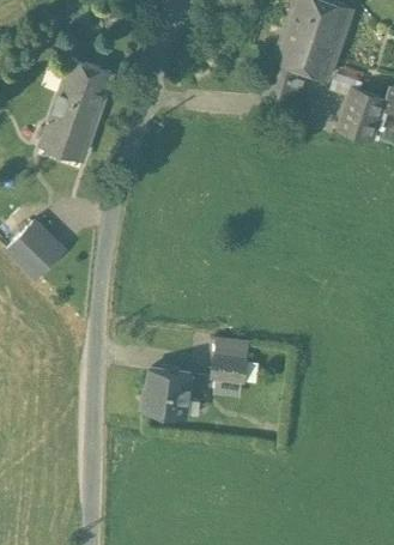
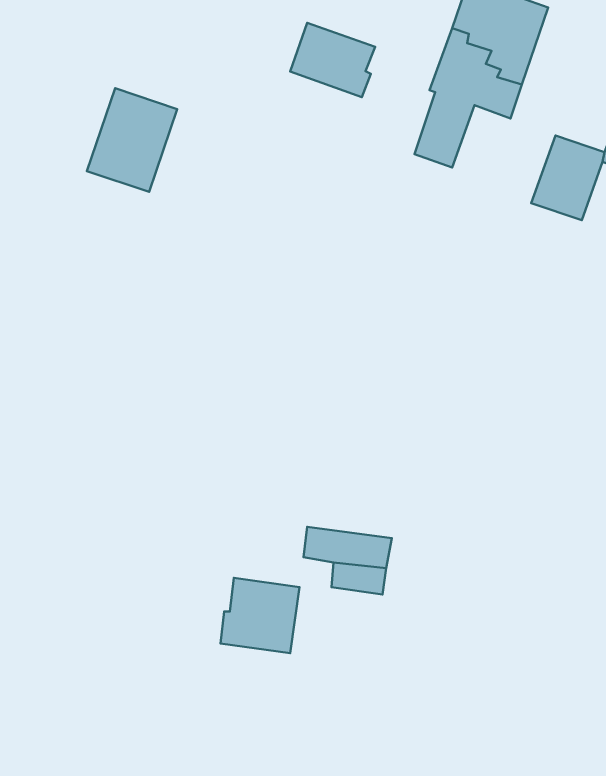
building: none -> [290,23,375,97]
building: [47,111,97,156] -> none
building: [8,222,67,279] -> none

